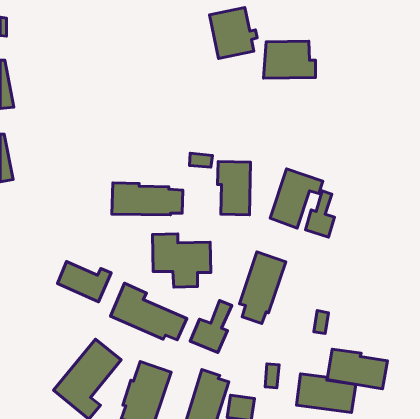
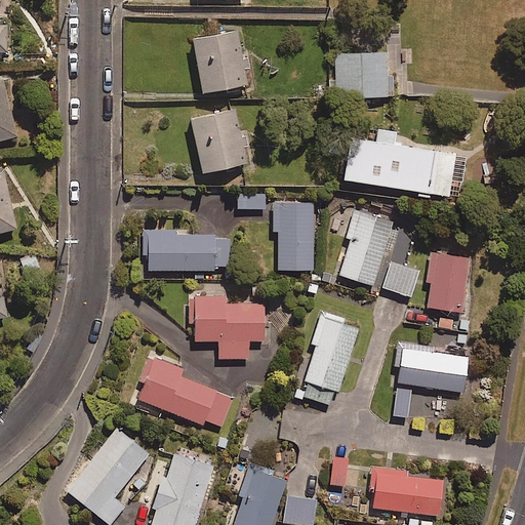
building: [209,7,257,58] -> [189,29,248,92]
building: none -> [186,108,249,173]
building: none -> [339,128,452,197]
building: none -> [423,251,472,313]
building: [57,261,111,302] -> none
building: [190,301,232,352] -> none
building: [327,349,387,389] -> [393,344,468,393]

